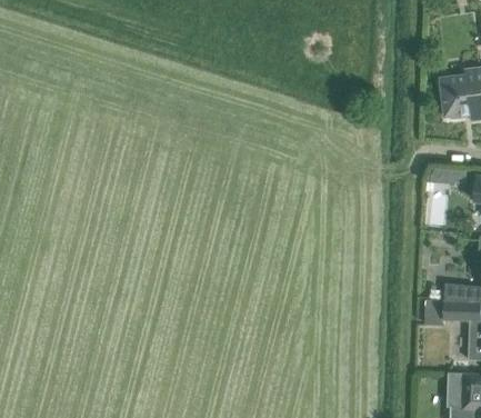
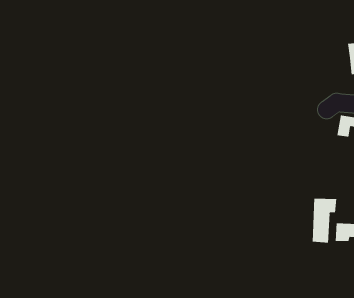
building: none -> [312,198,337,243]

